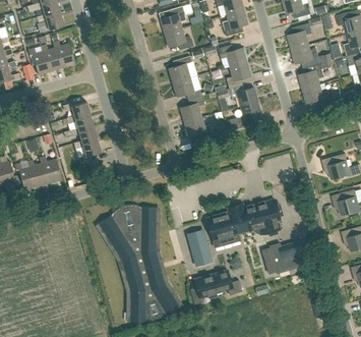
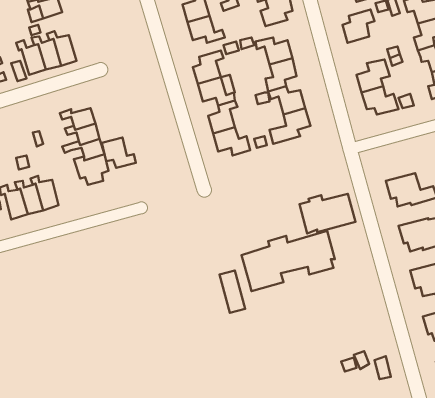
building: [291,45,320,66] -> none
building: none -> [102,137,136,168]
building: [99,206,179,321] -> none
building: [262,242,307,274] -> [299,194,356,233]
building: [190,270,242,304] -> none

